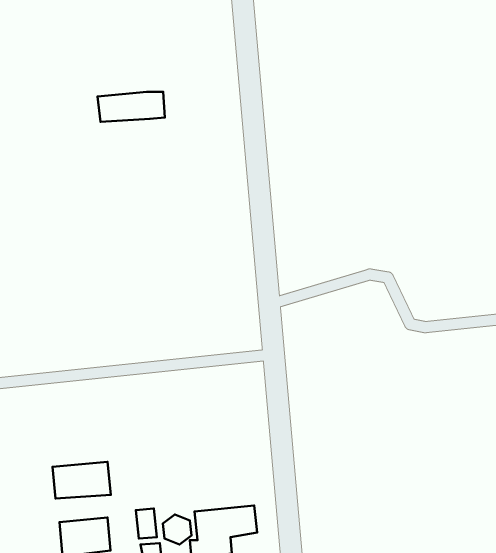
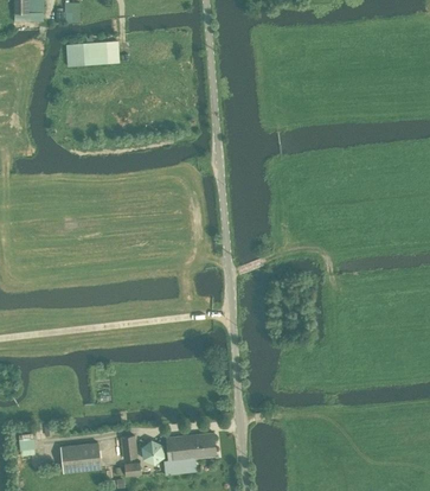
building: [97,92,165,122] -> [66,42,120,65]
building: [52,462,111,499] -> none

